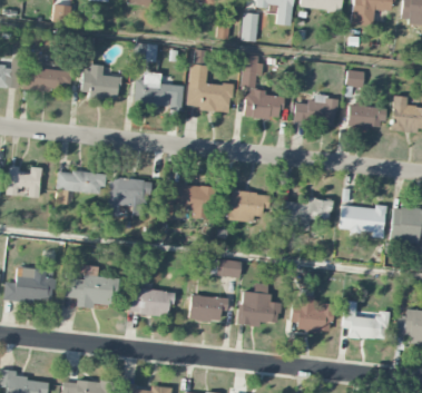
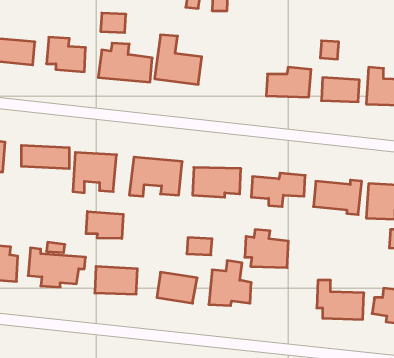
building: [241,55,283,118] -> none
building: none -> [86,211,123,239]
building: [291,295,333,332] -> [245,230,288,268]

